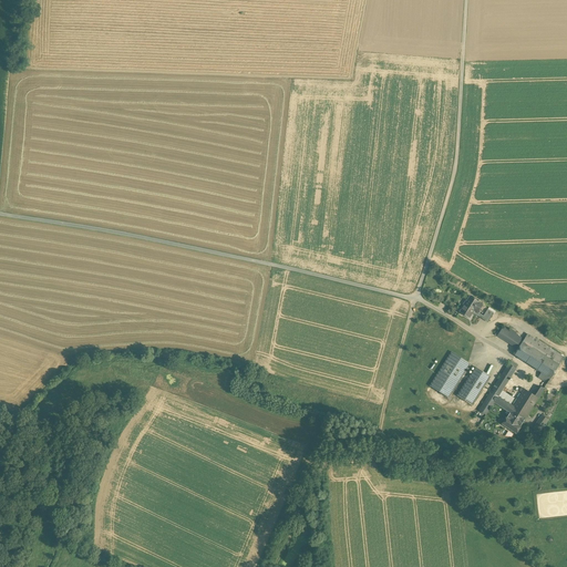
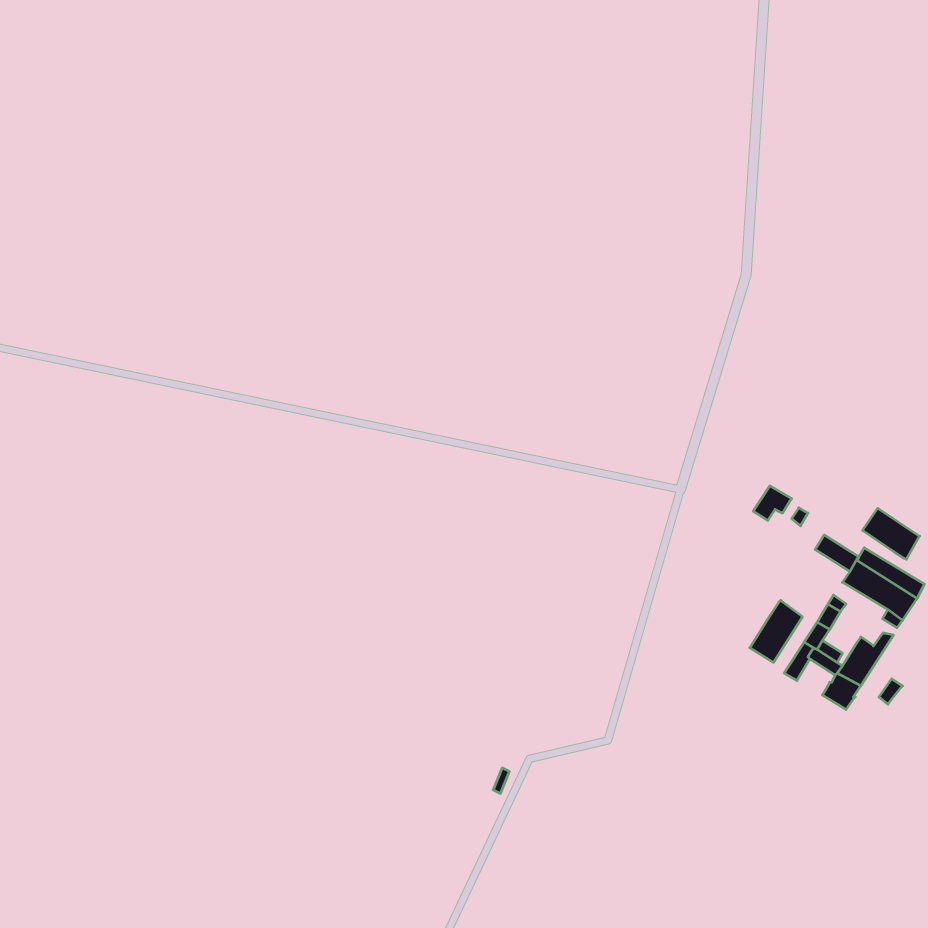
building: none -> [863,508,920,559]
building: [429,351,468,396] -> none

